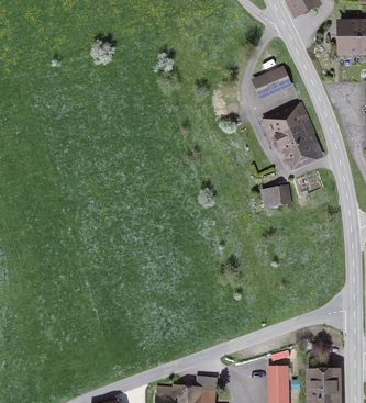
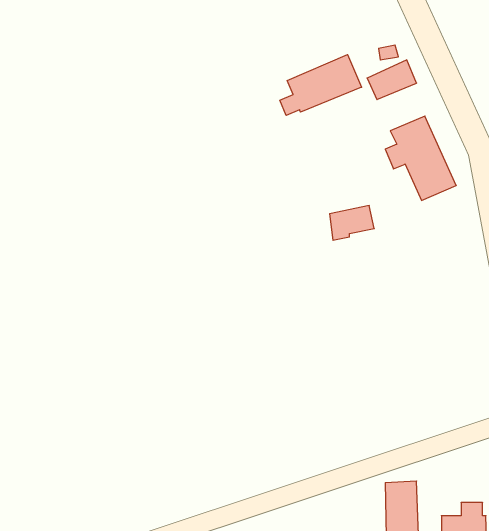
building: none -> [280,55,362,115]
building: [263,186,292,209] -> [330,206,374,240]

